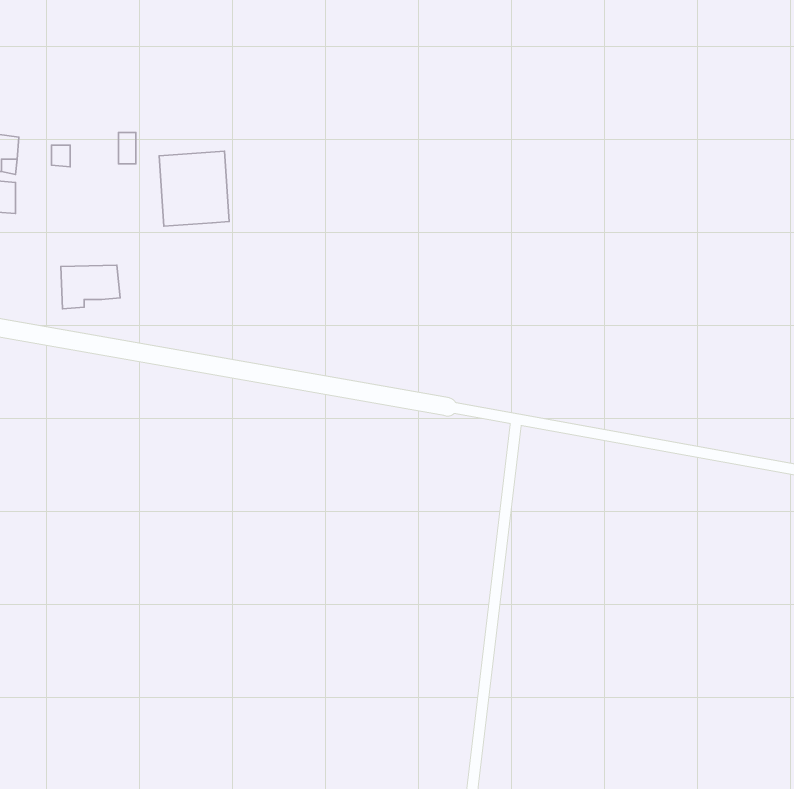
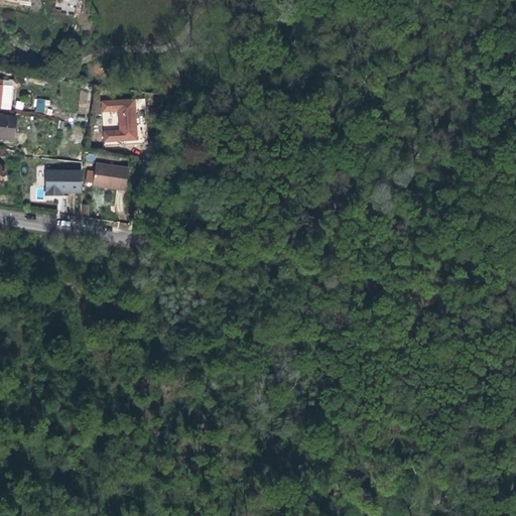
building: none -> [92,158,128,187]

